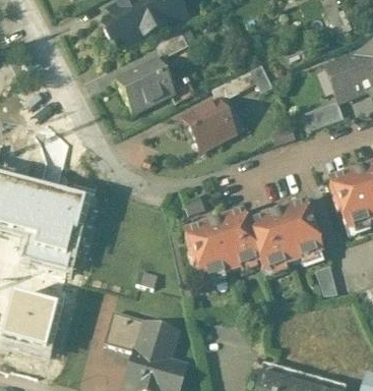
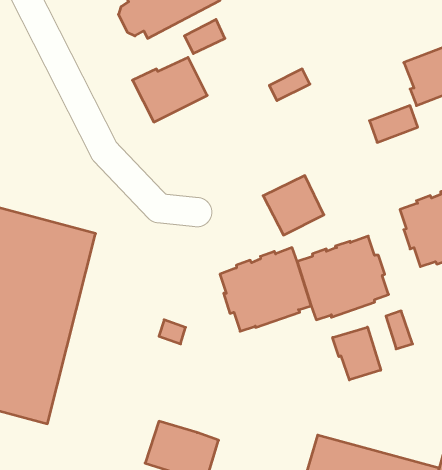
building: [184,100,233,148] -> [263,176,324,235]
building: none -> [333,327,381,380]
building: [104,310,176,359] -> none

